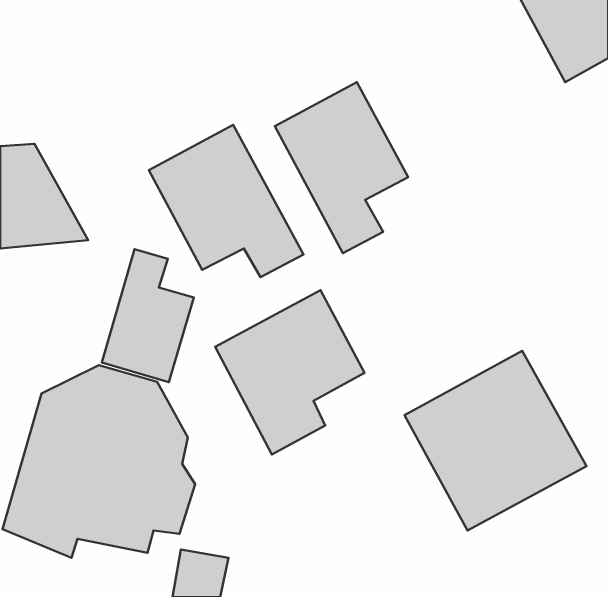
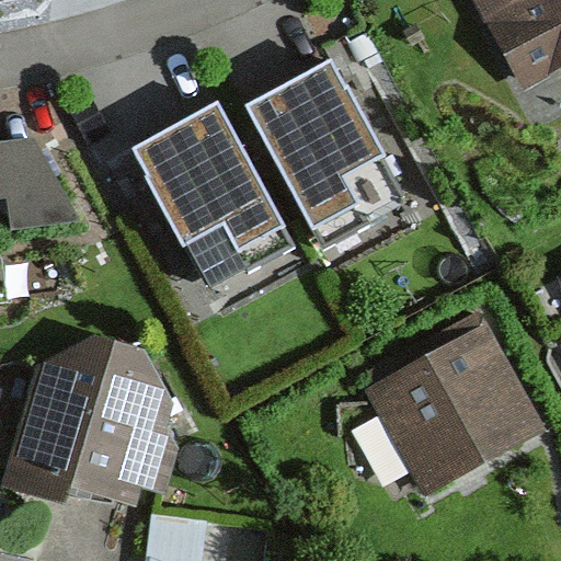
building: [102,249,194,382] -> none
building: [215,290,365,454] -> none

